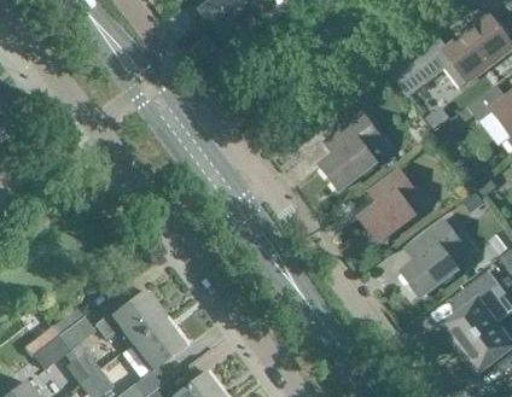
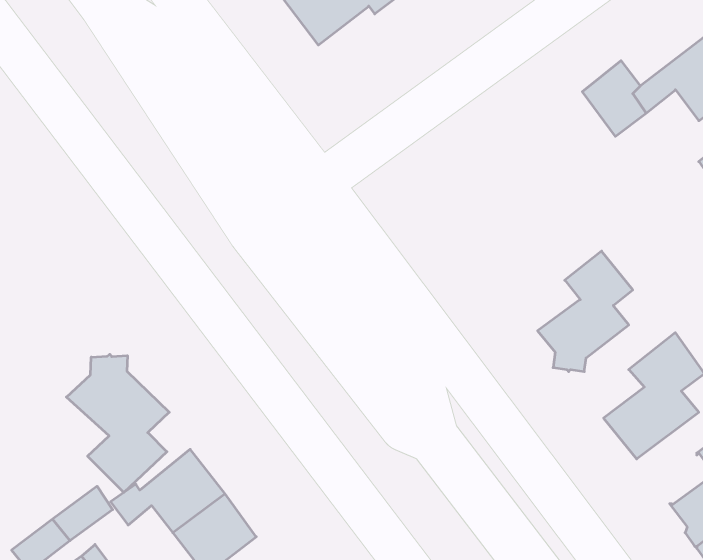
building: [320,112,382,191] -> none
building: none -> [66,354,169,492]

